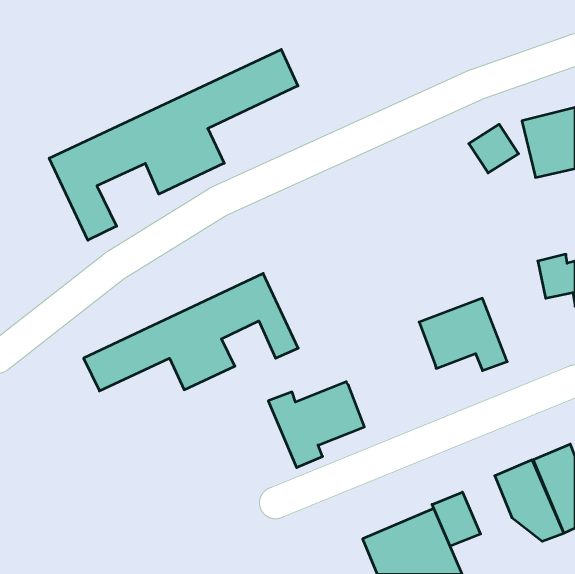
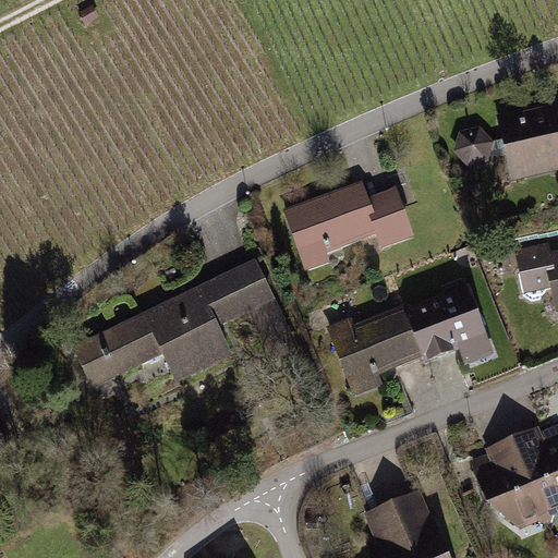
building: [49,49,298,240] -> none
building: none -> [288,185,405,263]
building: [268,382,364,468] -> [327,307,420,390]
building: [432,492,481,546] -> none

